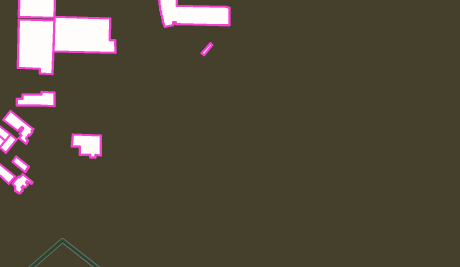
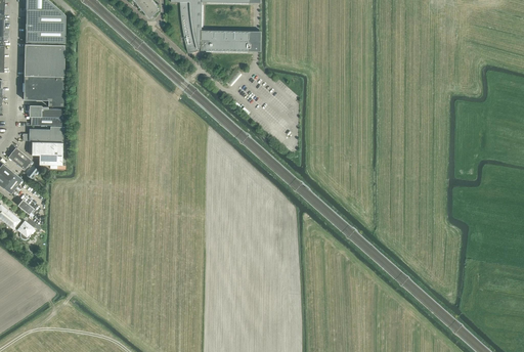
building: [54,17,116,53] -> none
building: none -> [29,105,61,126]
building: [72,135,101,157] -> [29,141,61,167]

